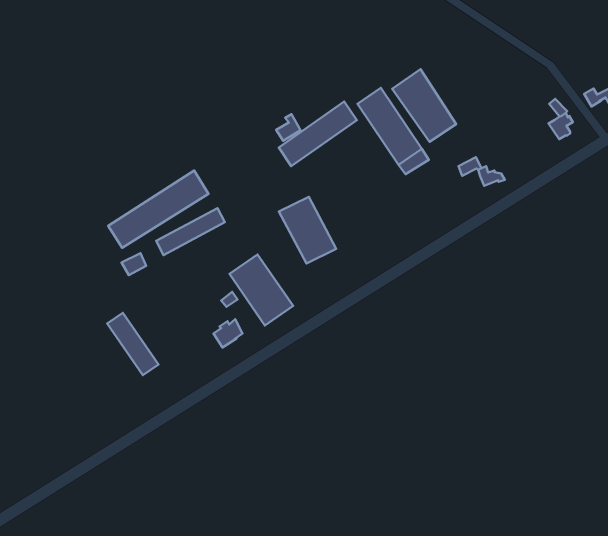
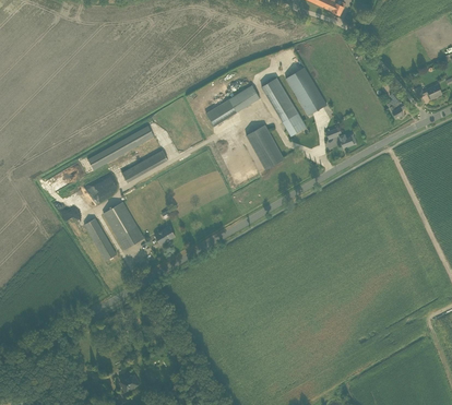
building: [279,197,336,263] -> [246,123,283,168]
building: [229,254,293,325] -> [103,201,144,249]

